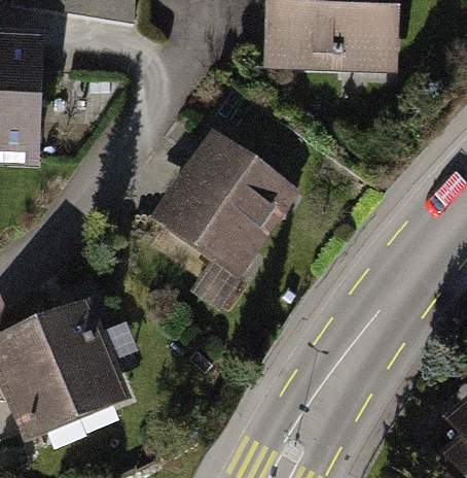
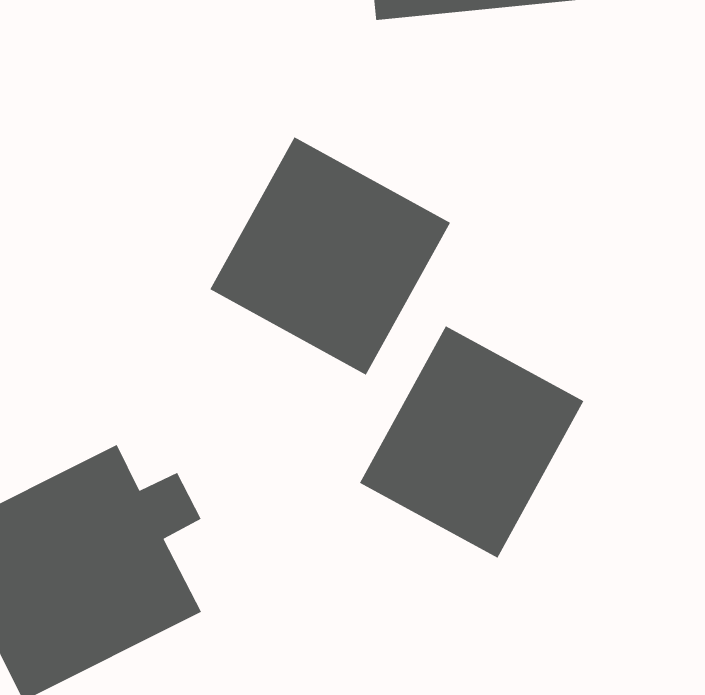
building: none -> [359,325,585,559]

